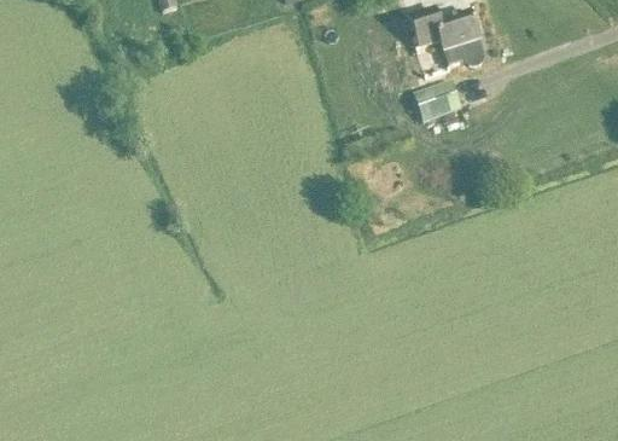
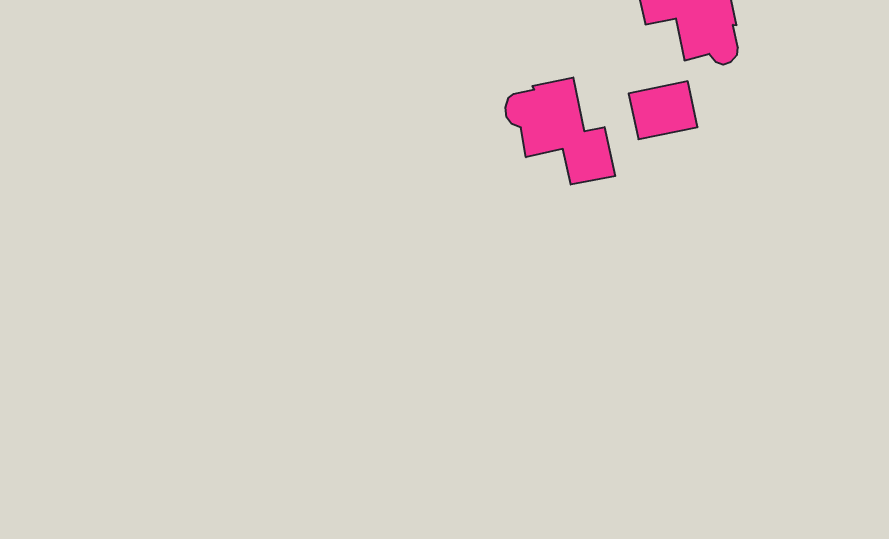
building: none -> [506,77,615,185]

